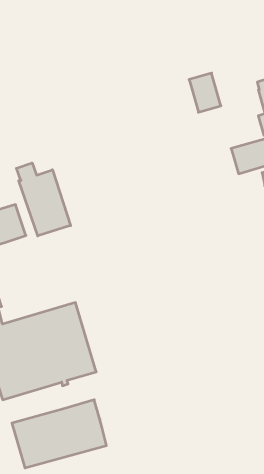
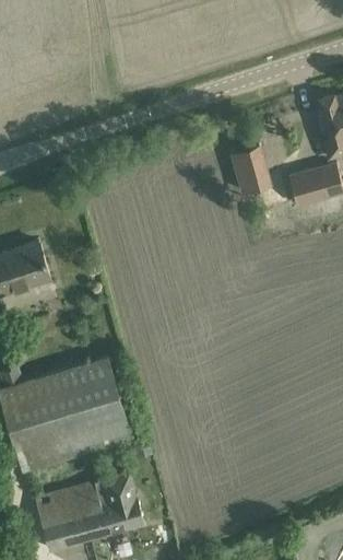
building: [189,73,221,112] -> [233,148,270,194]
building: [16,163,71,236] -> none

